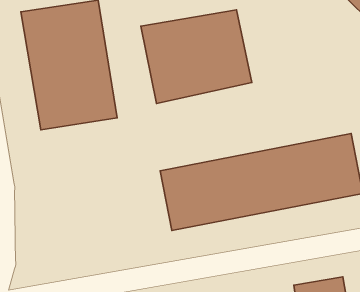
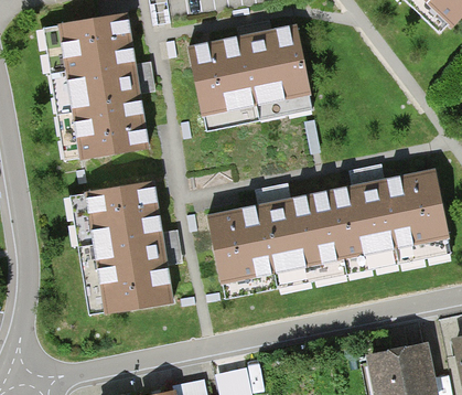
building: none -> [68,180,176,317]

